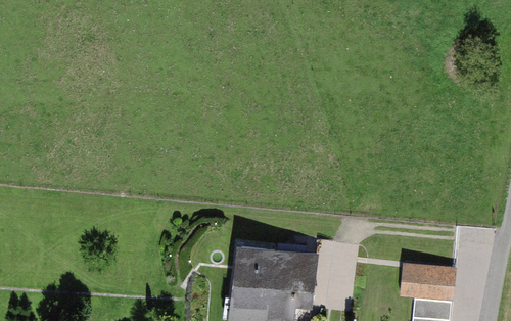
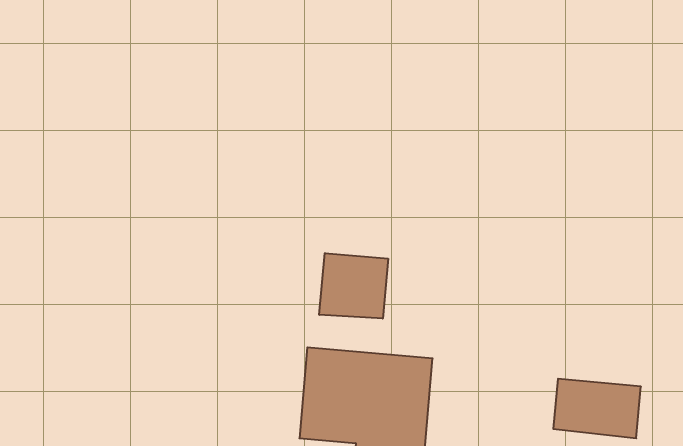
building: none -> [319,253,388,319]

